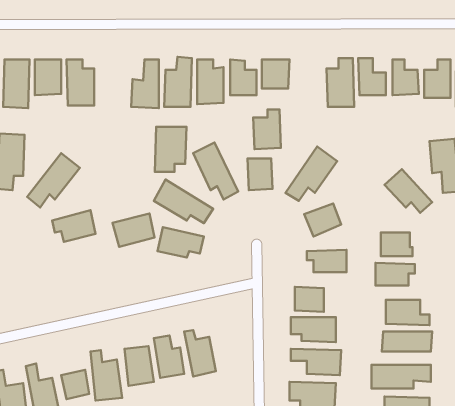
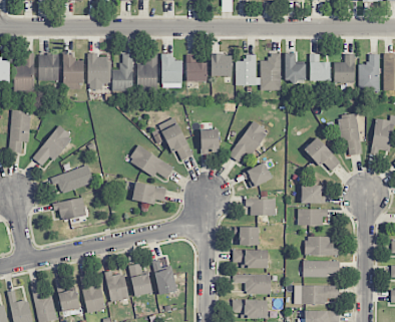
building: [253,110,281,149] -> [235,55,256,85]
building: [155,127,186,172] -> [87,55,111,89]
building: [112,214,155,247] -> [54,197,86,222]

